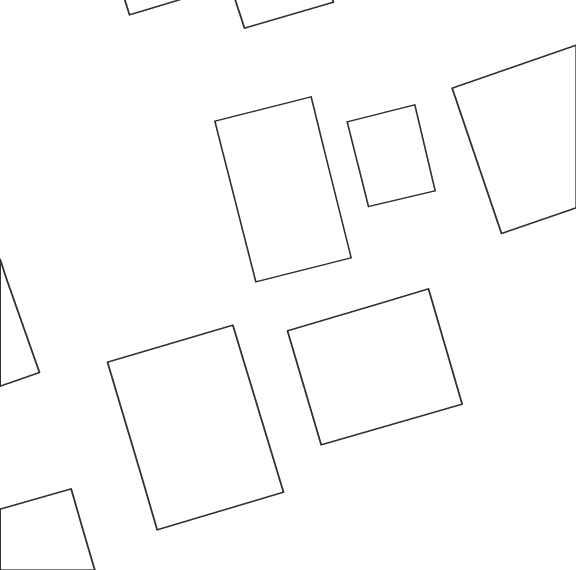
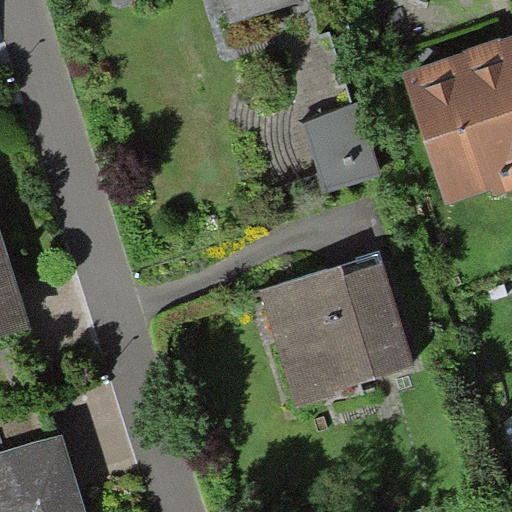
building: [215,97,351,282] -> none
building: [107,325,283,530] -> none

